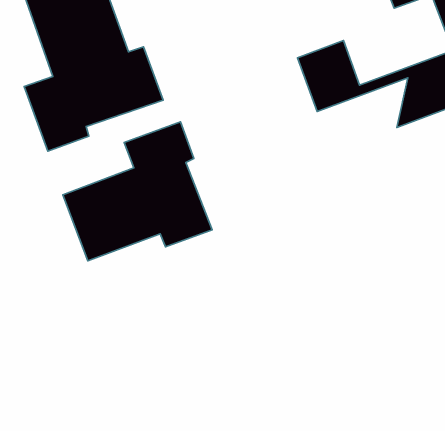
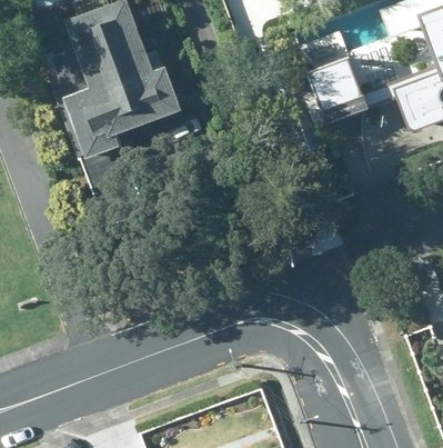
building: [63,122,212,261] -> none

